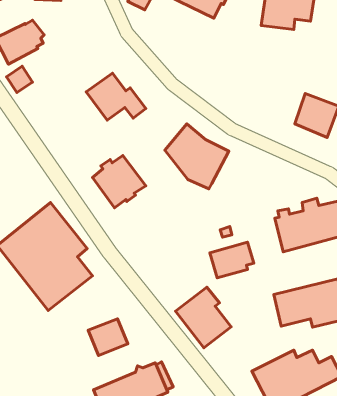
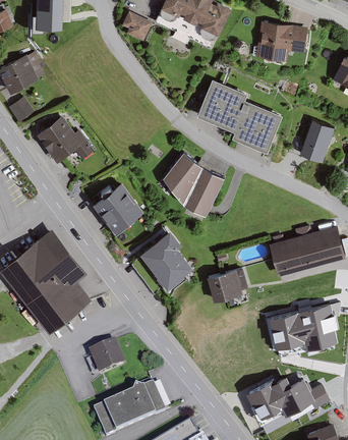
building: none -> [196,78,282,152]
building: [86,73,146,120] -> [36,115,94,161]
building: [175,287,231,348] -> [138,230,192,289]

